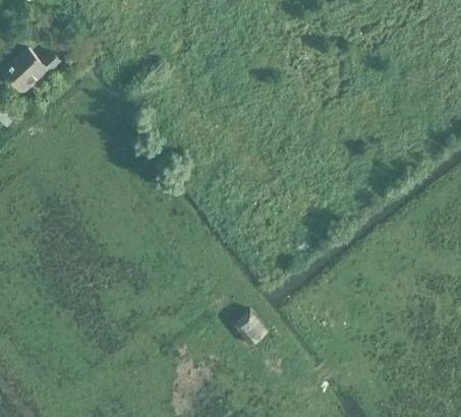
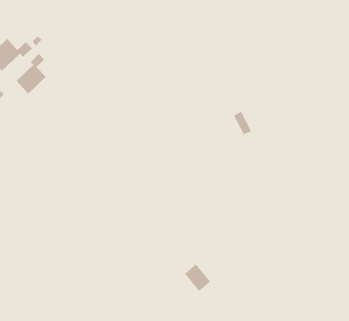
building: none -> [16,53,47,94]

